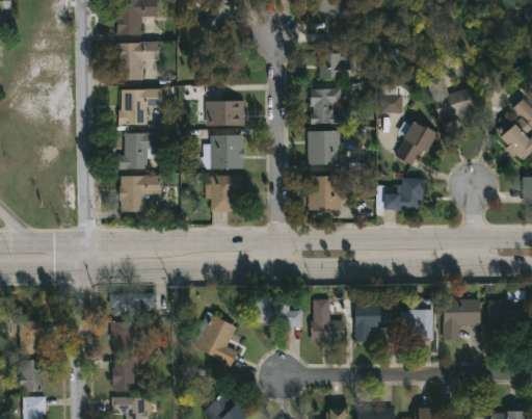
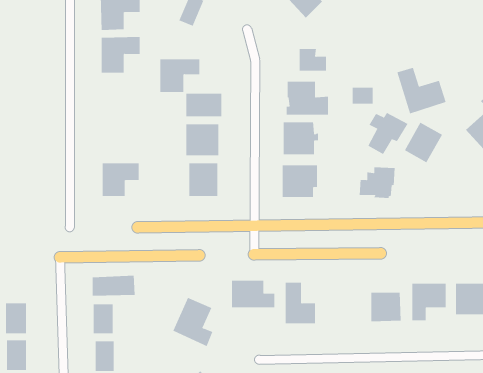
building: [119,87,162,123] -> [159,59,200,93]
building: none -> [404,122,443,163]
building: [122,131,156,167] -> none
building: [354,303,389,340] -> none

